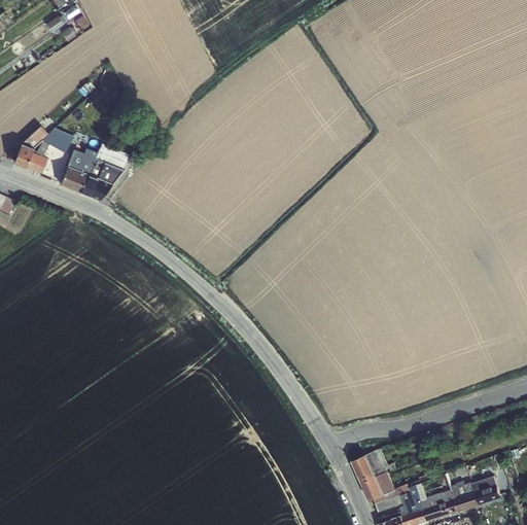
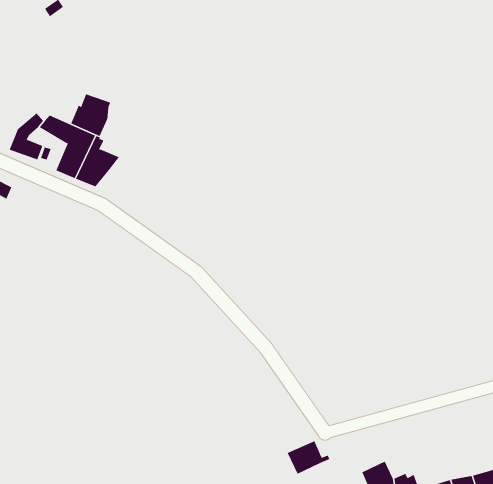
building: none -> [71,94,111,137]
building: [352,449,395,483] -> [287,440,330,475]

